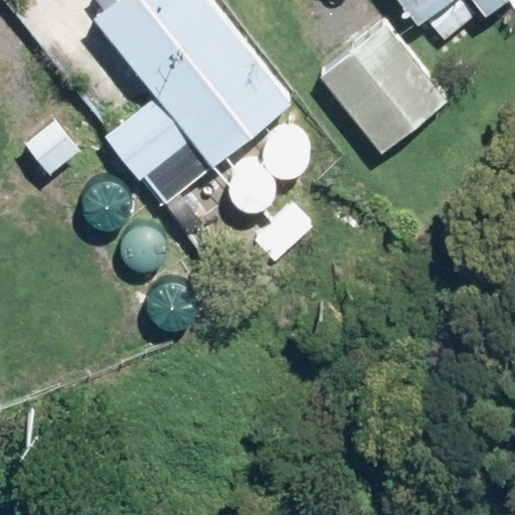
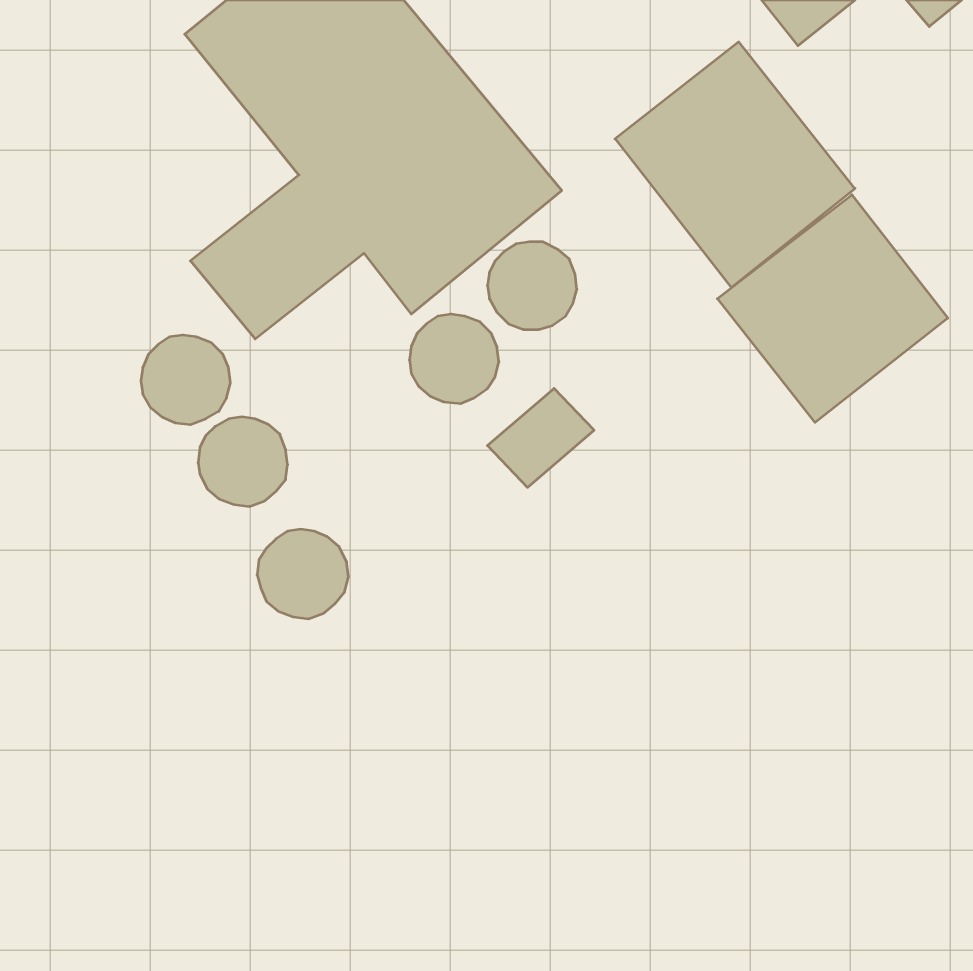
building: none -> [717,195,948,422]

